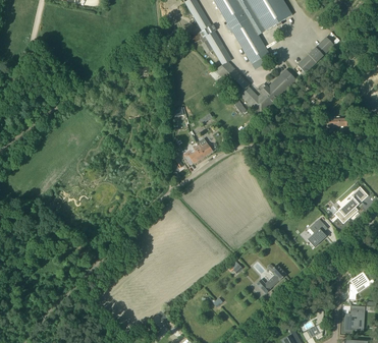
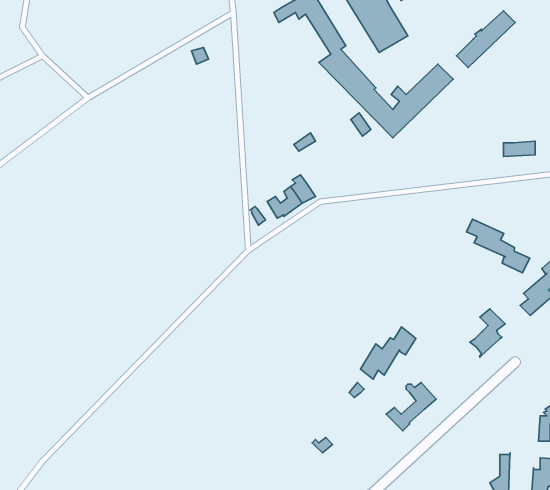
building: none -> [466,219,530,273]
building: none -> [361,327,416,379]

